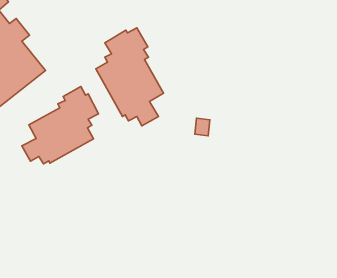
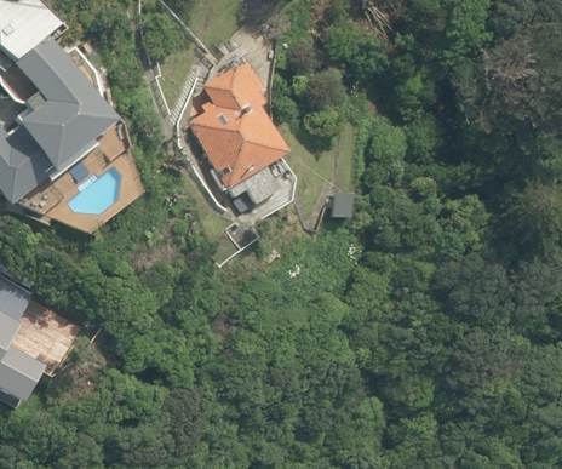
building: [22,87,99,164] -> none

